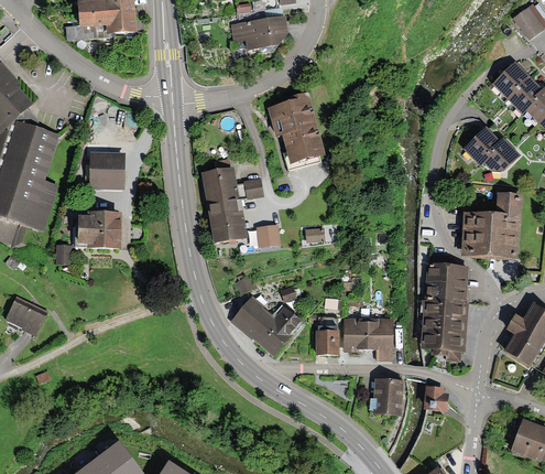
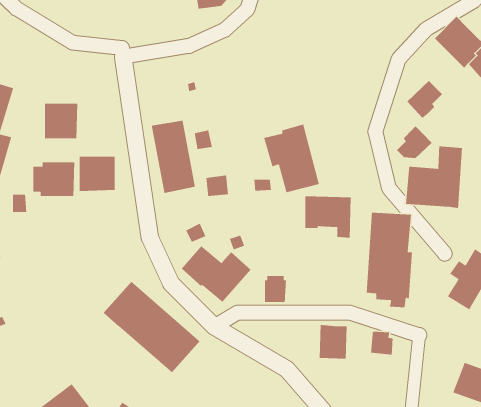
building: [266,94,325,165] -> [263,123,320,193]
building: [483,139,521,173] -> [396,126,433,159]
building: none -> [79,156,115,192]
building: [344,319,392,363] -> [305,196,352,238]
building: none -> [103,281,201,373]

